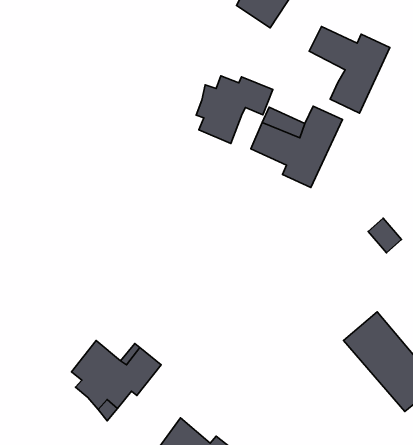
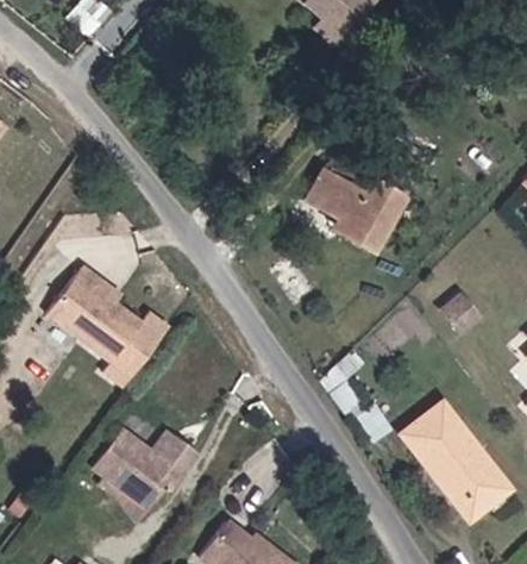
building: [309,26,390,113] -> none
building: [196,76,273,143] -> none
building: none -> [48,262,168,389]

